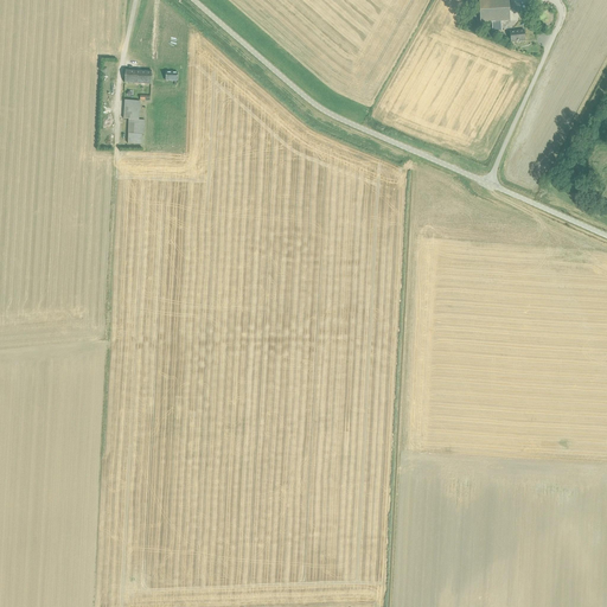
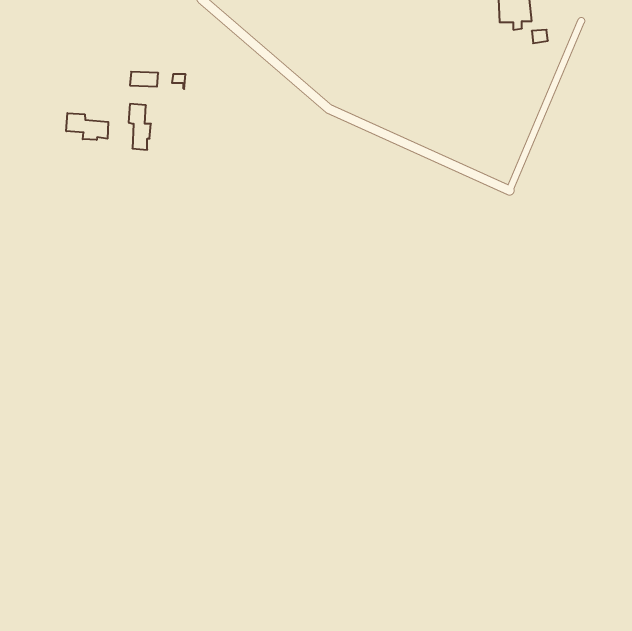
building: none -> [66,113,108,140]

